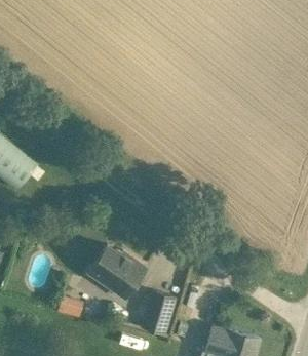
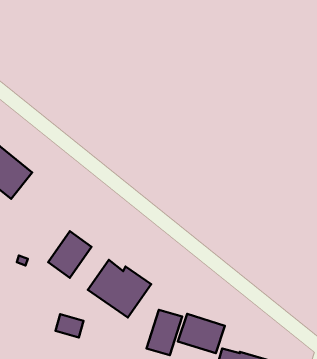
building: none -> [48,231,91,278]
building: none -> [178,314,225,353]

